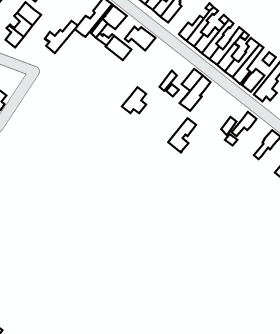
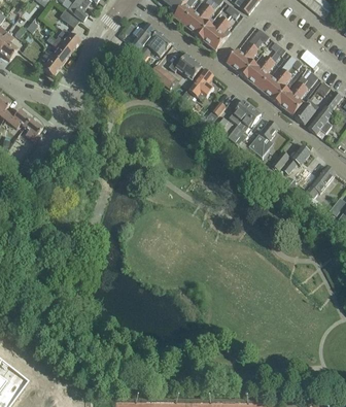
building: [45,21,78,53] -> none
building: [122,87,146,113] -> [187,68,213,96]
building: [168,118,196,153] -> [248,121,278,158]

